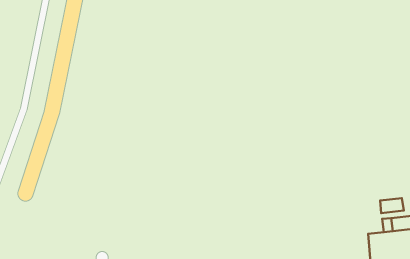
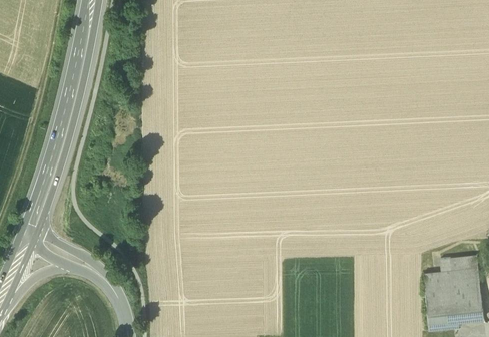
building: [380,198,404,213] -> none

